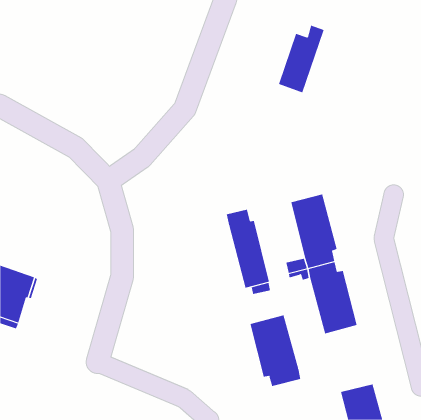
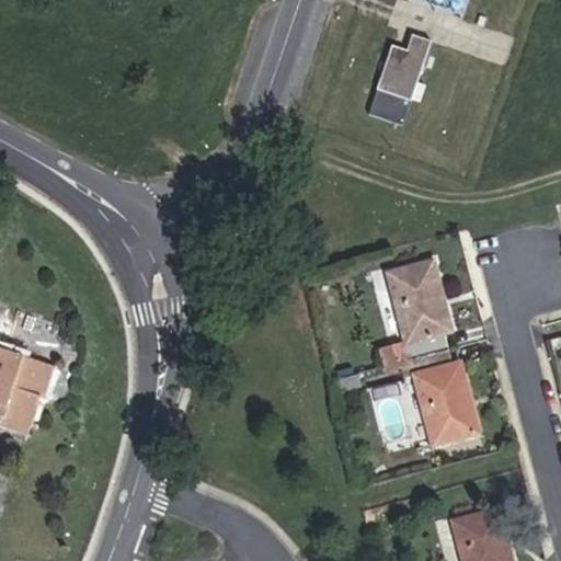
building: [226,209,270,288] -> none
building: [250,314,301,387] -> none

